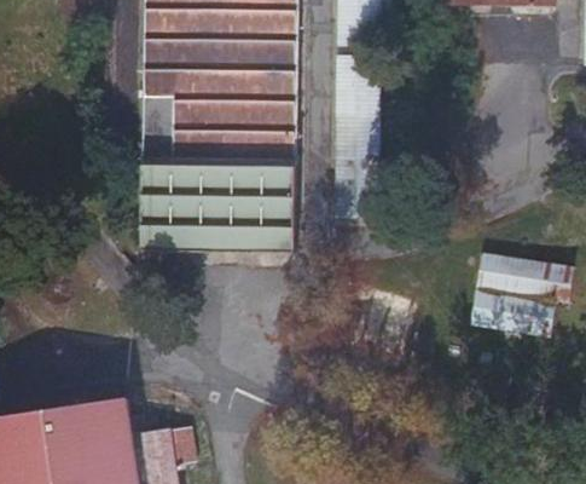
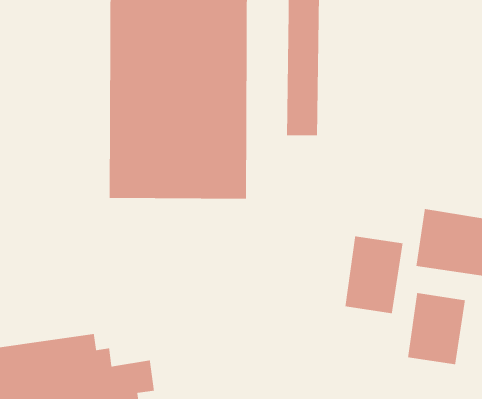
building: none -> [345,235,403,314]
building: none -> [407,292,466,365]

